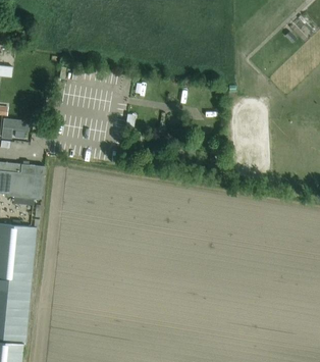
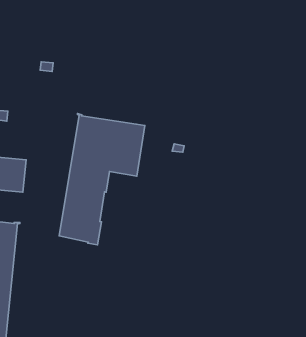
building: none -> [59,114,145,245]

